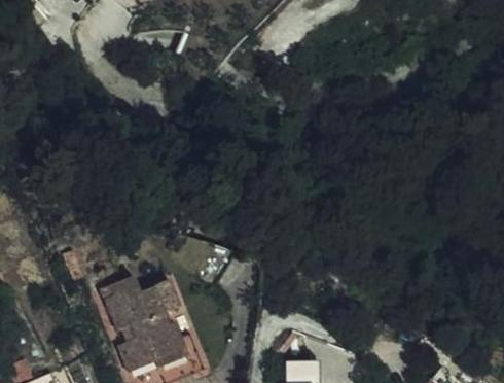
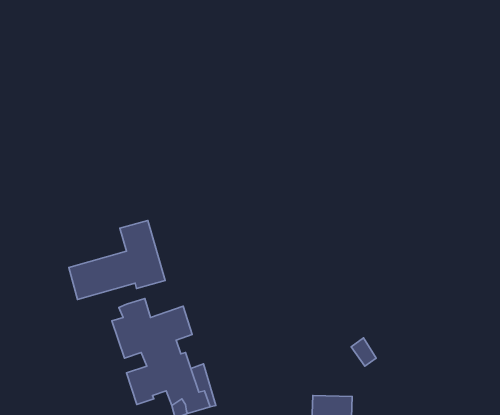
building: none -> [69,220,165,299]

